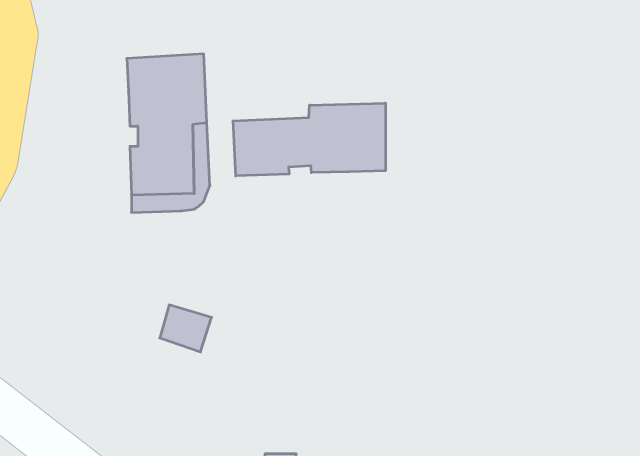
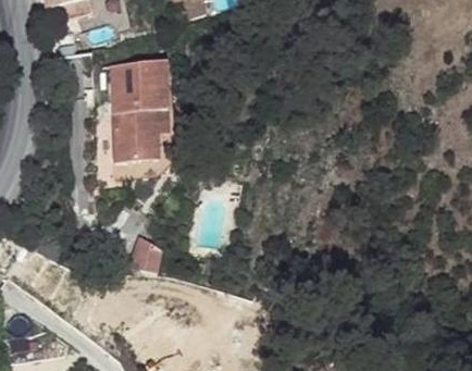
building: [233,103,385,176] -> none

